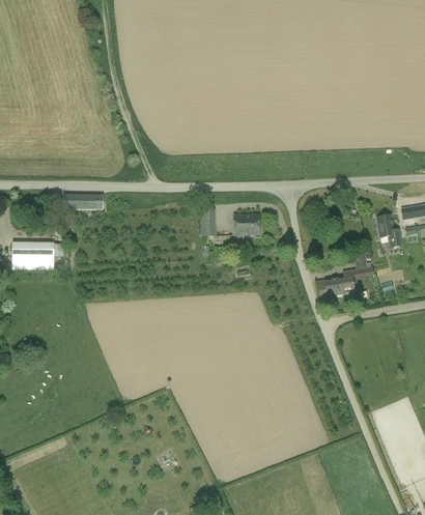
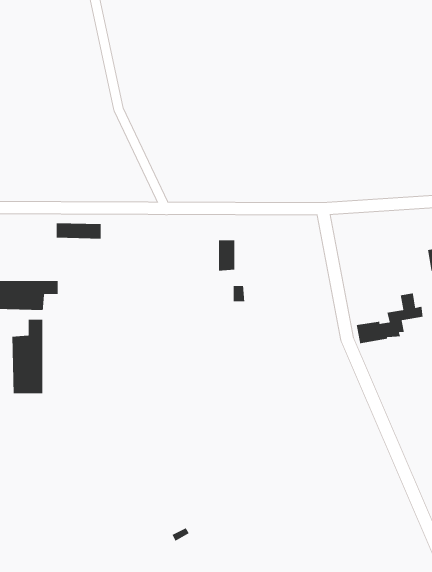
building: [234,212,260,234] -> none
building: none -> [11,319,43,394]

